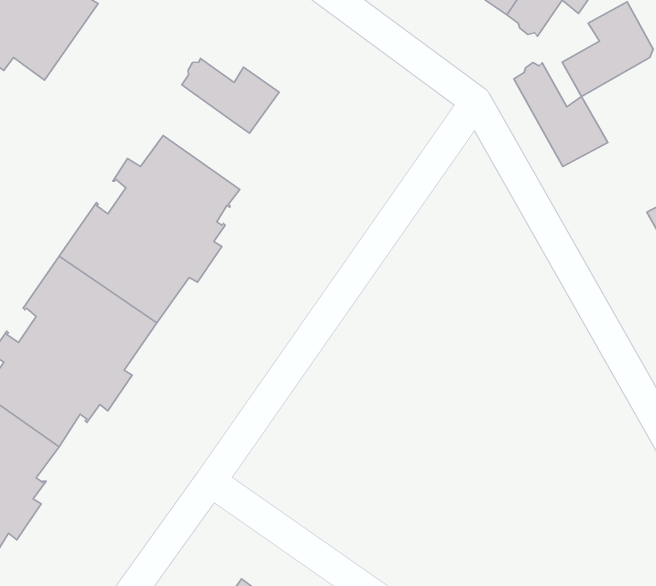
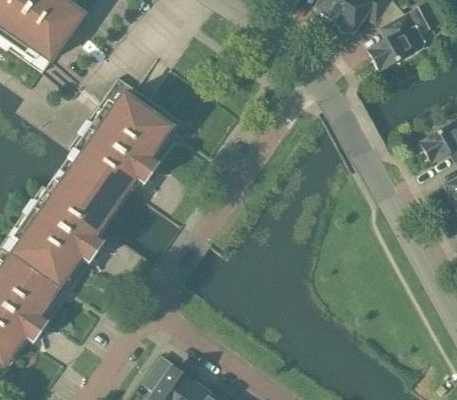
building: [182,59,279,133] -> none
building: [514,62,608,167] -> none

